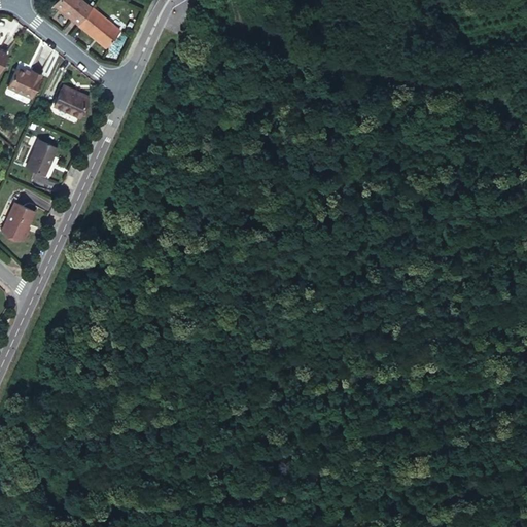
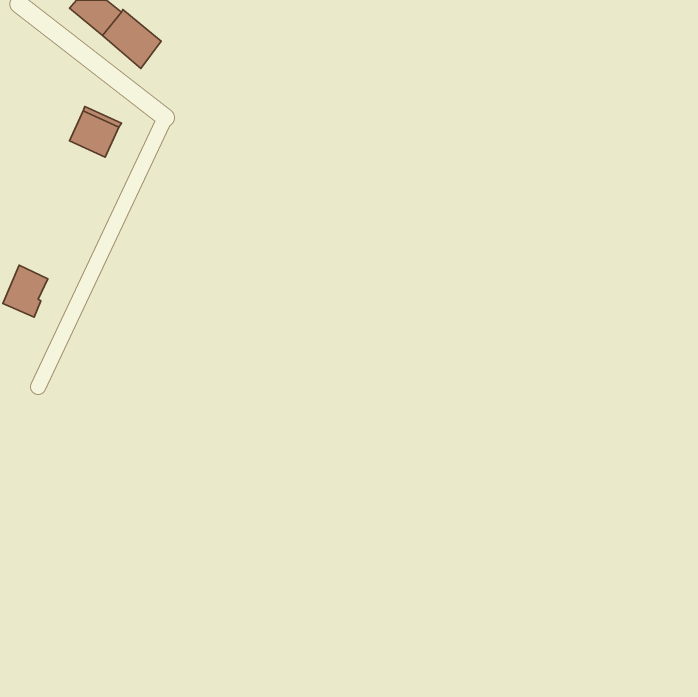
building: [7,66,42,99] -> none
building: [27,139,59,176] -> none

